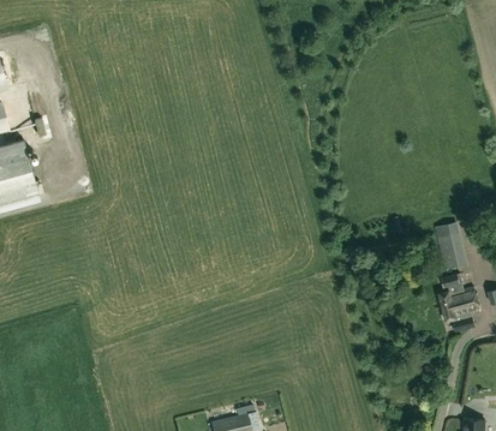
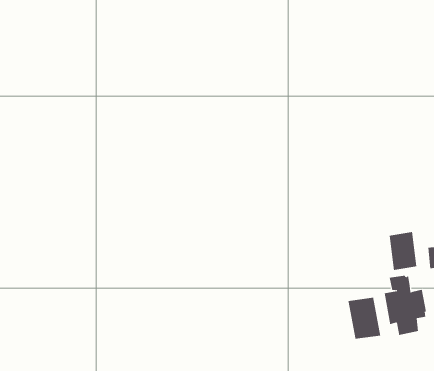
building: none -> [348,297,381,340]

